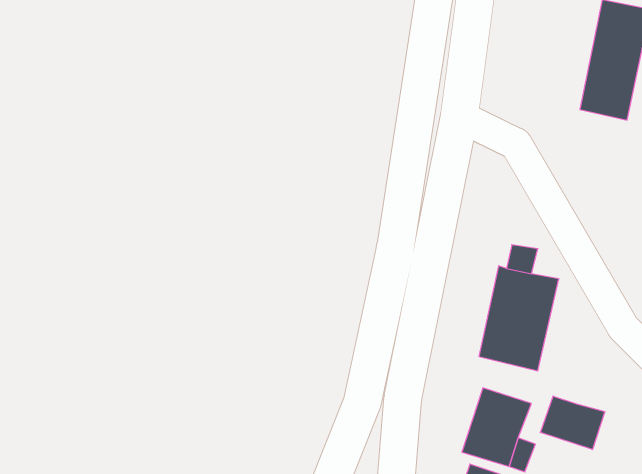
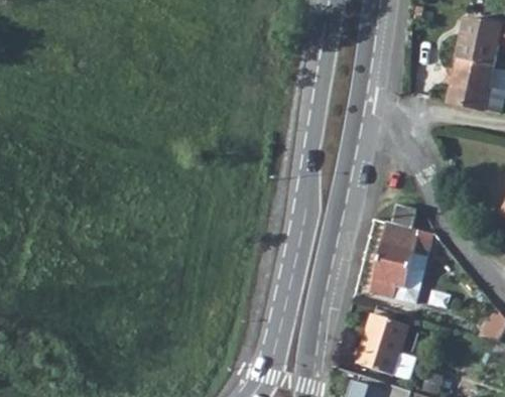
building: [540,396,605,450] -> none

